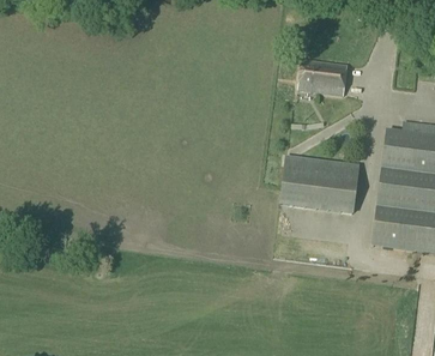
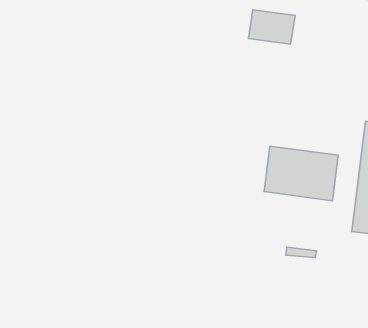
building: [297,59,346,95] -> [248,10,295,44]

